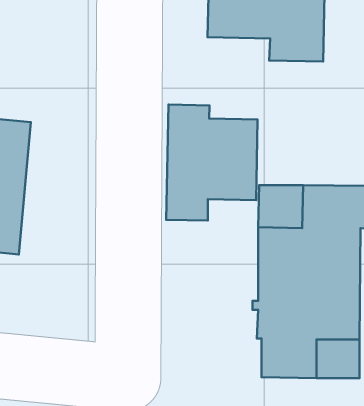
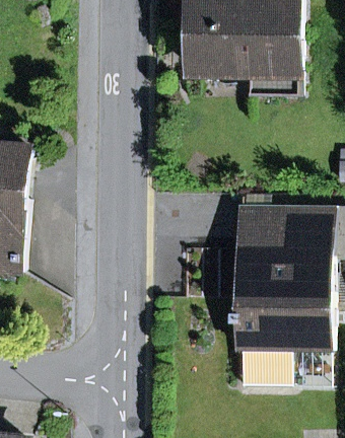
building: [166,105,258,221] -> none

